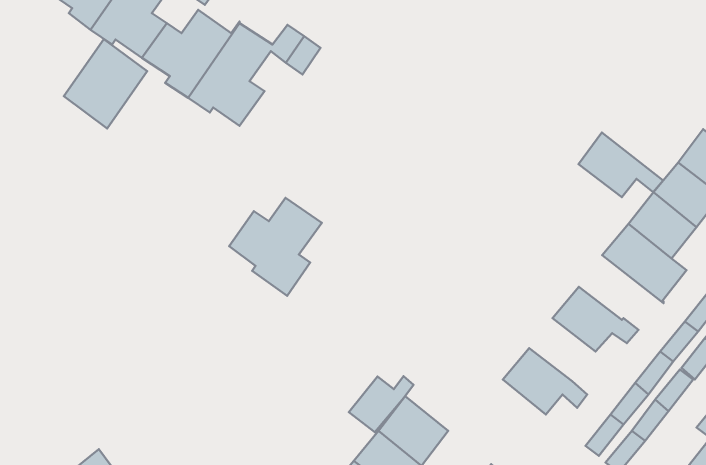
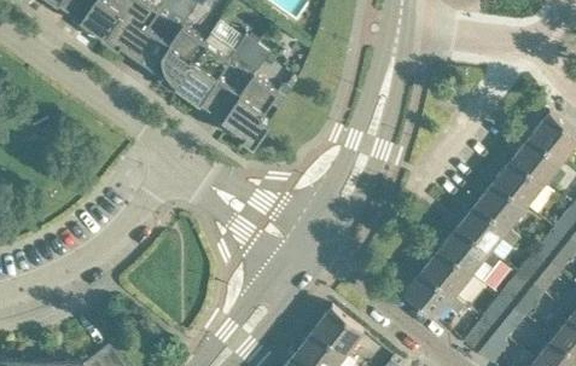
building: [64,39,147,128] -> none
building: [579,133,663,197] -> [456,205,518,252]
building: [229,198,322,296] -> [209,76,277,147]
building: none -> [420,251,469,297]
building: [349,376,413,432] -> none

